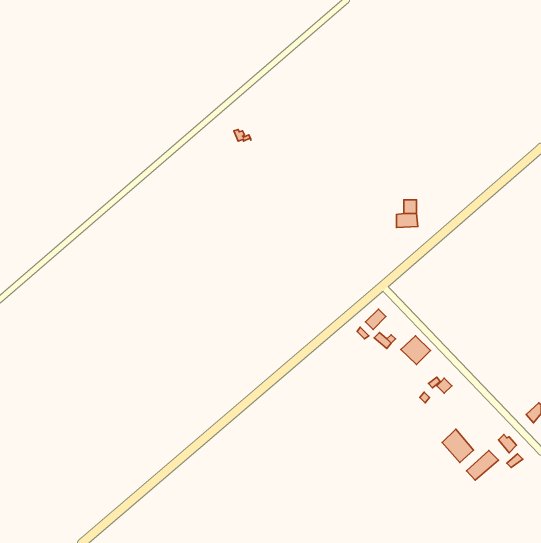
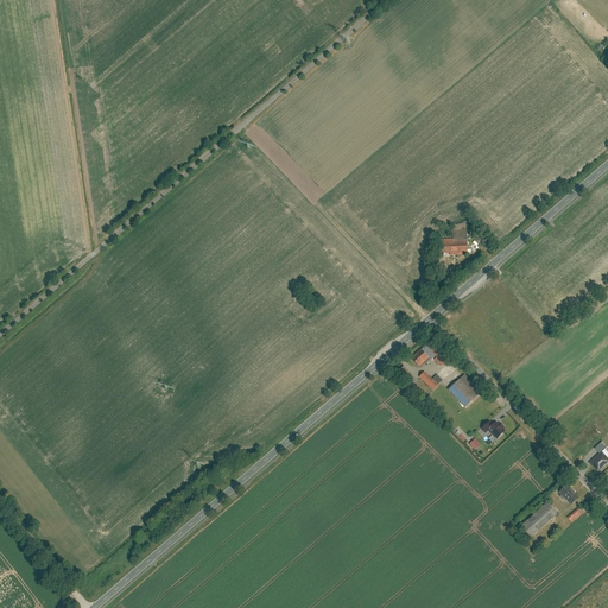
building: [442,429,474,462] -> none

